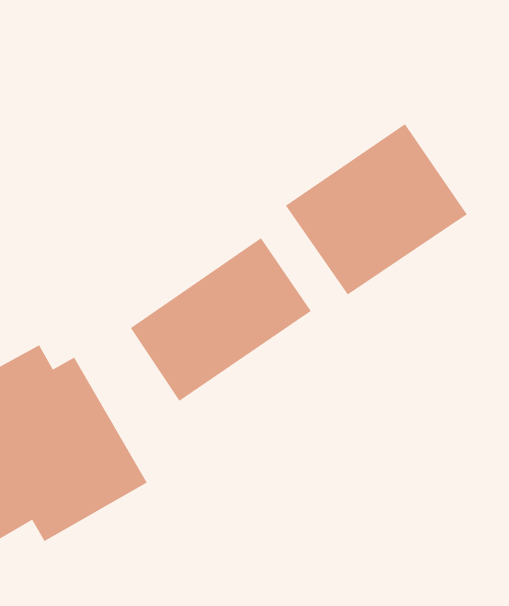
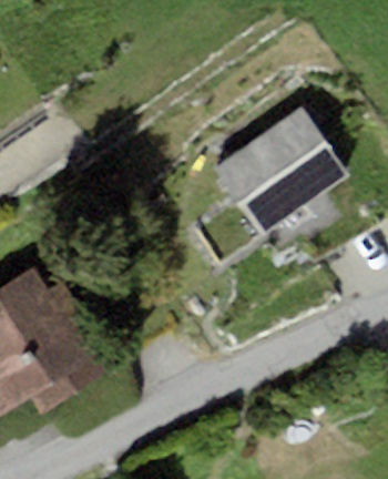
building: [130,237,312,402] -> none

